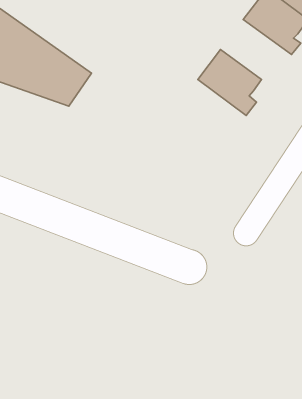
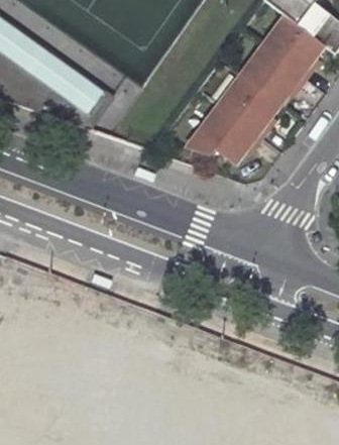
building: none -> [249,30,319,89]
building: none -> [194,89,274,147]

